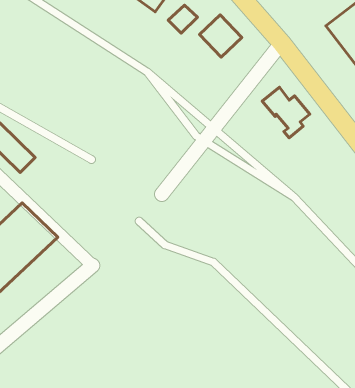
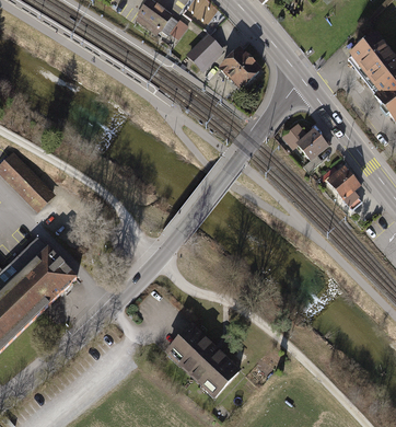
building: none -> [319,163,363,210]
building: none -> [164,320,236,391]

